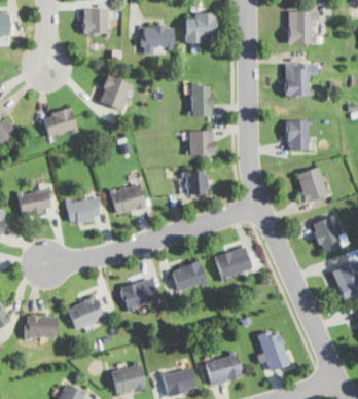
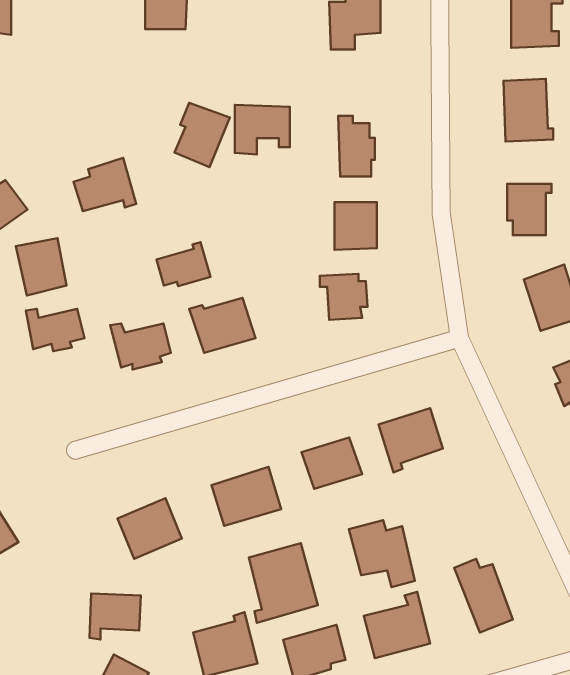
building: [144,27,175,55] -> [235,105,290,155]
building: none -> [16,238,67,295]
building: none -> [156,242,210,286]
building: none -> [349,520,415,587]
building: [27,316,56,341] -> [89,594,141,640]
building: none -> [249,543,318,623]

